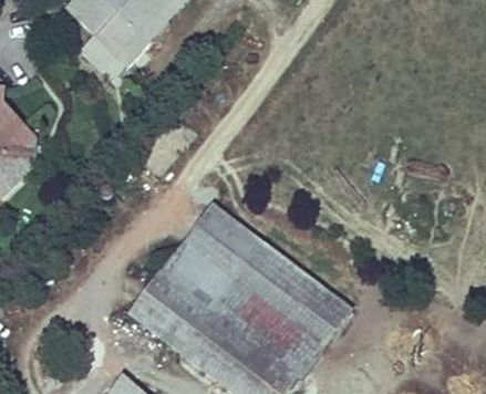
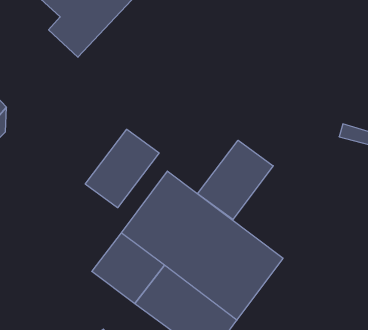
building: none -> [85,129,159,208]
building: none -> [198,140,273,219]

